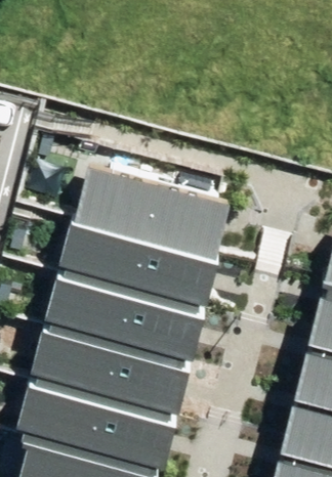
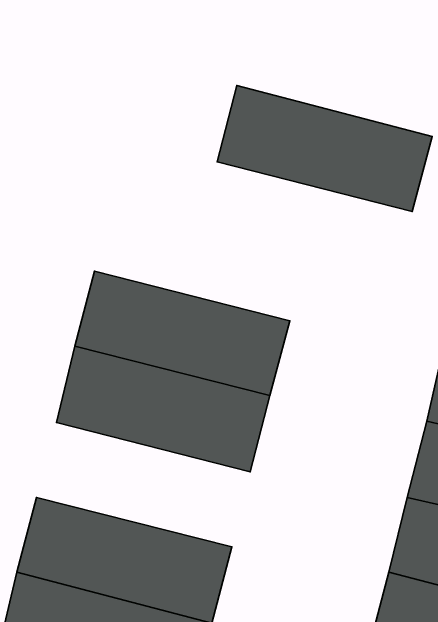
building: [75,161,231,252] -> [217,86,432,211]
building: [33,326,188,416] -> none

